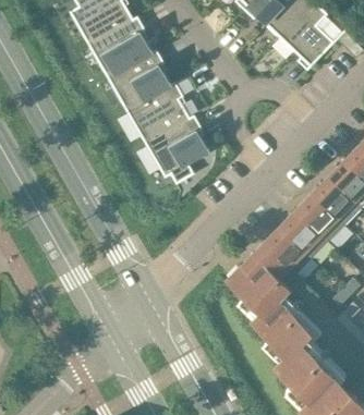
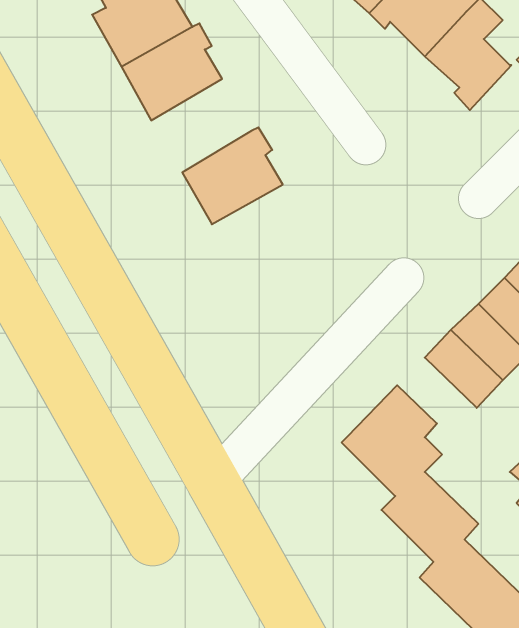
building: [107,50,170,111] -> none
building: [145,115,209,185] -> none
building: [262,228,312,277] -> none

